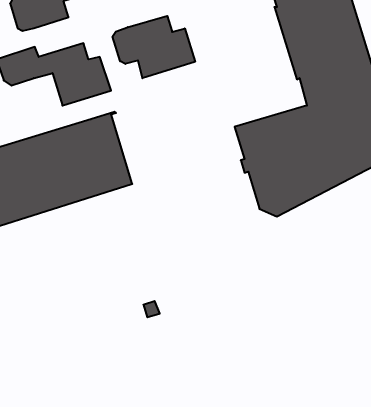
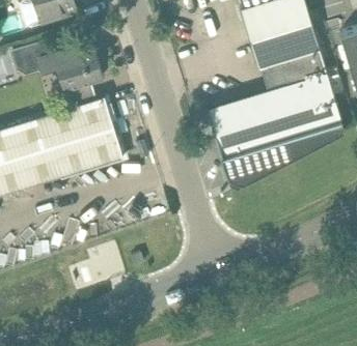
building: [113,16,195,78] -> none

